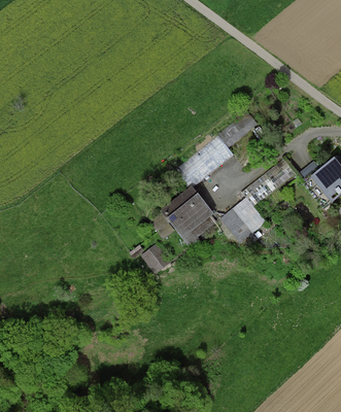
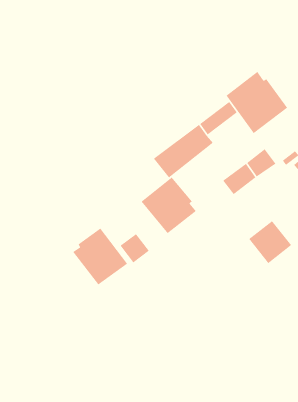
building: none -> [226,71,288,134]
building: [220,199,264,242] -> [248,220,292,264]
building: none -> [72,228,128,285]

